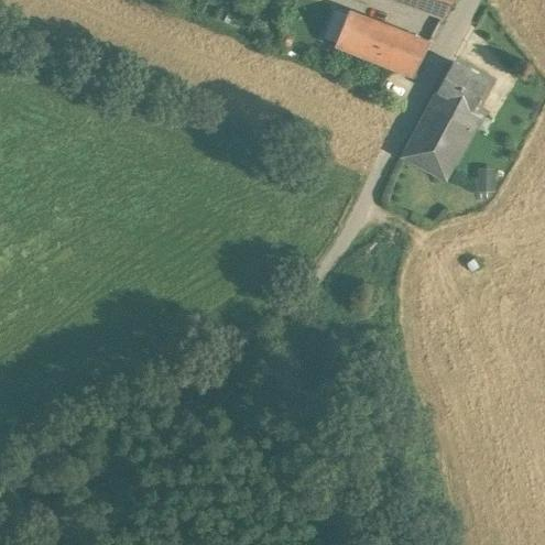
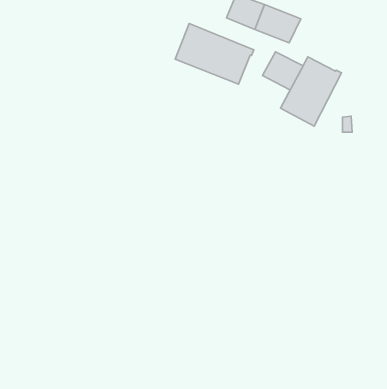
building: none -> [175,24,254,84]
building: [437,62,488,109] -> [262,52,303,90]

